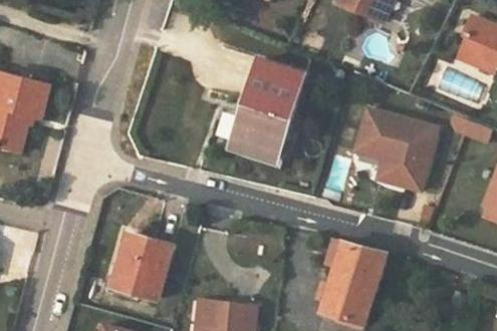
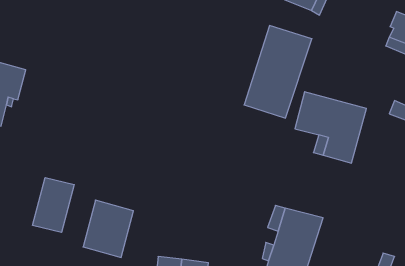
building: [228,60,305,166] -> [244,26,312,118]
building: none -> [33,178,74,232]

